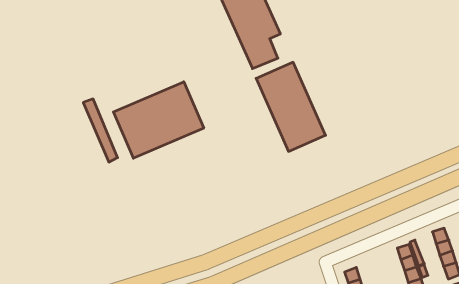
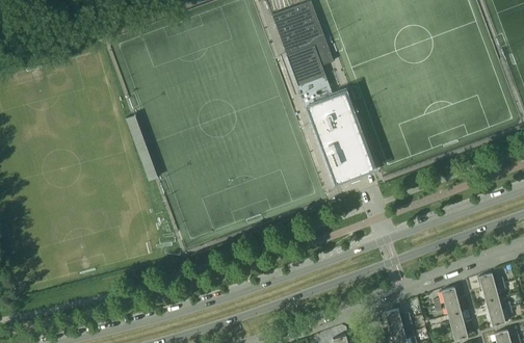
building: [113,82,204,158] -> none

